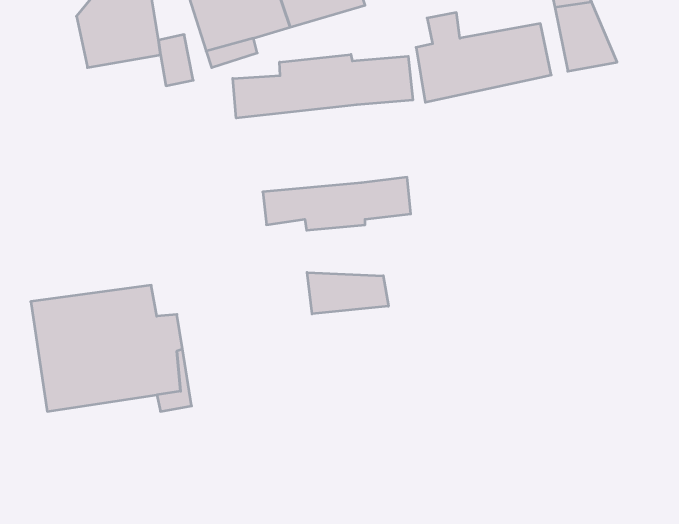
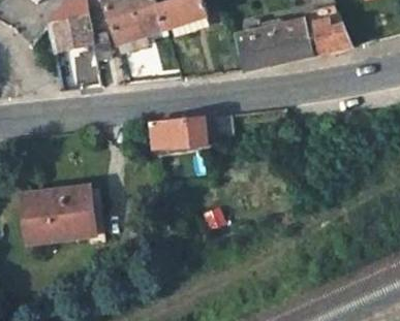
building: [233,54,413,118] -> none
building: [307,272,388,314] -> none

